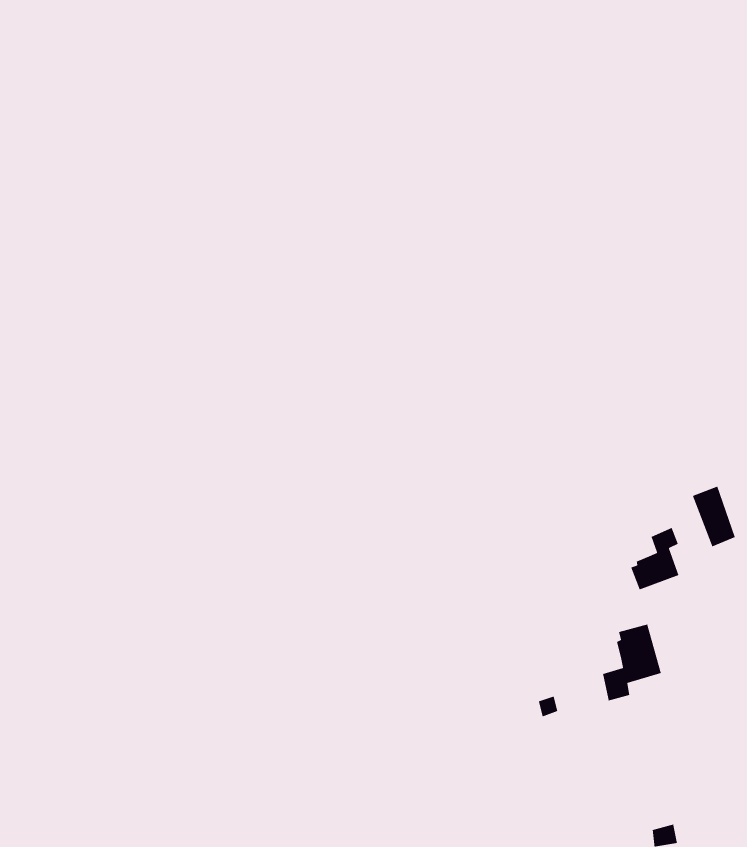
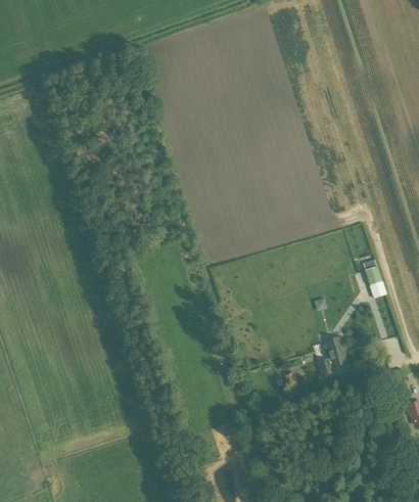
building: [630,527,679,591] -> none

